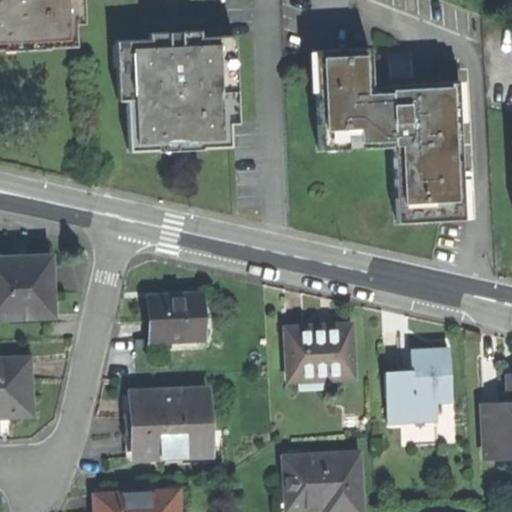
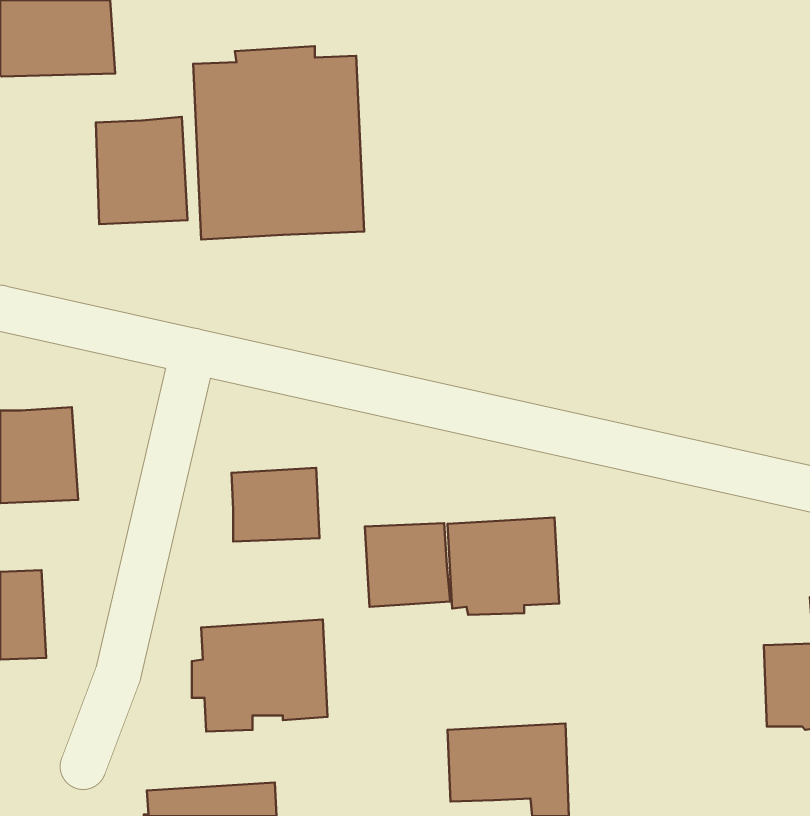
building: [313,48,464,223] -> none
building: none -> [96,117,188,224]
building: none -> [365,523,450,607]
building: [384,350,450,424] -> none

